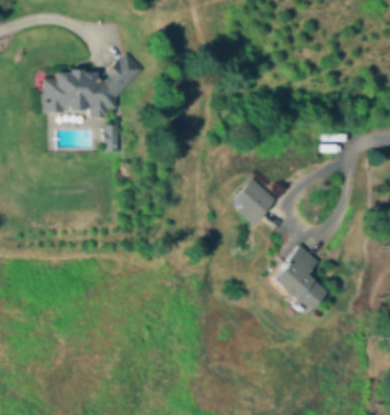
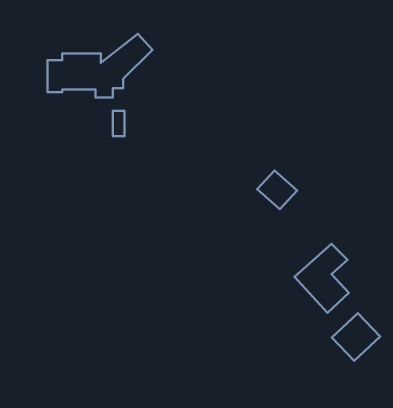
building: none -> [332,313,380,361]

